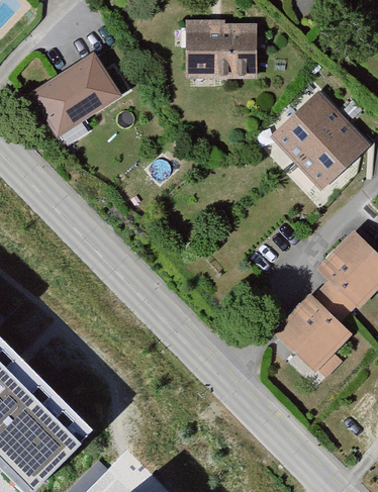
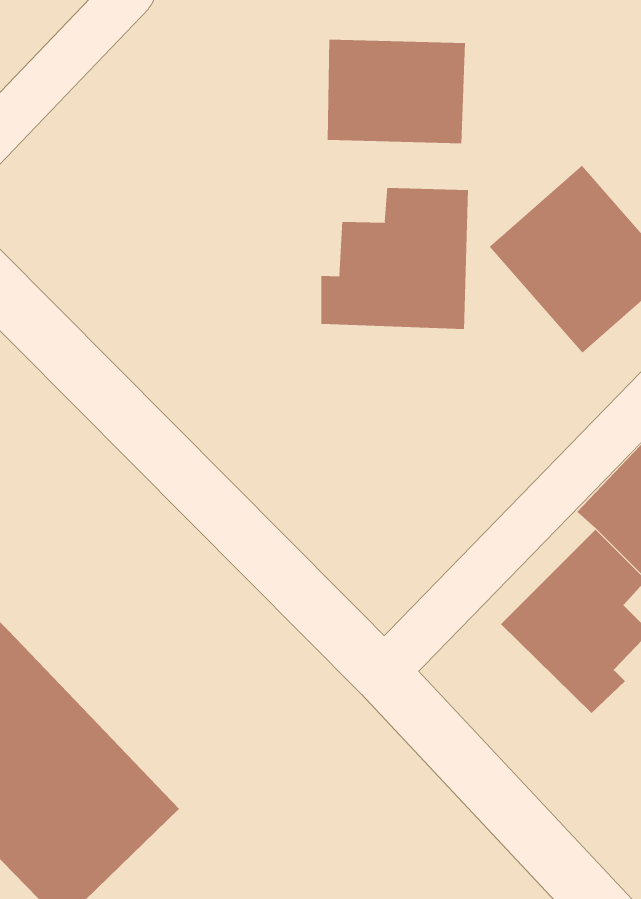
building: [32,51,124,132] -> none
building: none -> [321,187,469,330]

